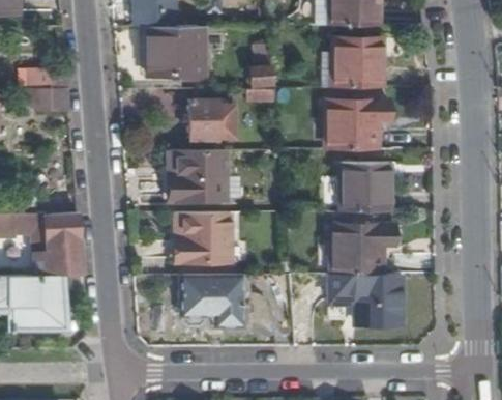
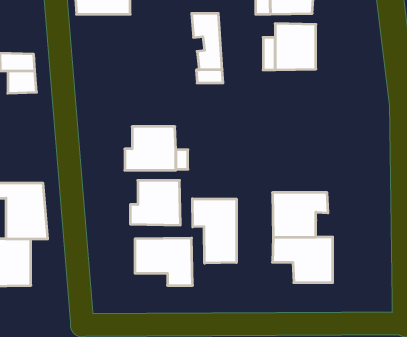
building: [146,26,205,75] -> none
building: [191,101,235,139] -> none
building: [329,102,391,150] -> none
building: [341,163,391,213] -> none
building: none -> [192,199,236,263]

